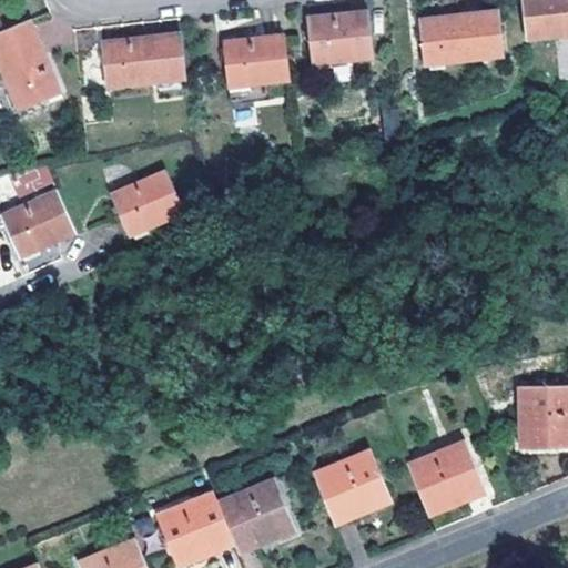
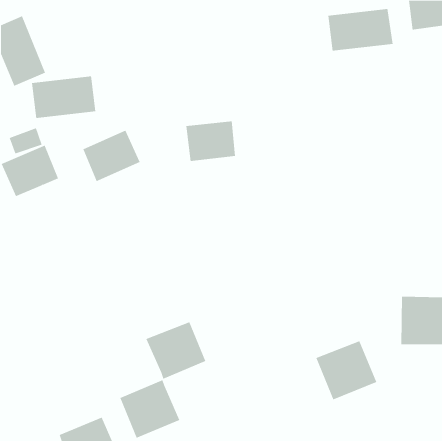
building: [310,14,374,67] -> none
building: [103,36,186,90] -> [31,76,96,118]
building: [225,38,290,90] -> [186,121,236,161]
building: [310,448,389,524] -> none
building: [213,475,291,549] -> [146,321,206,379]

